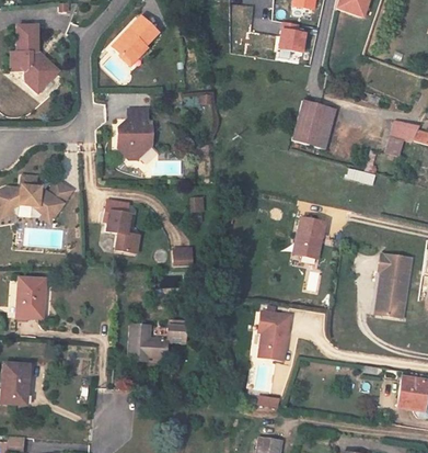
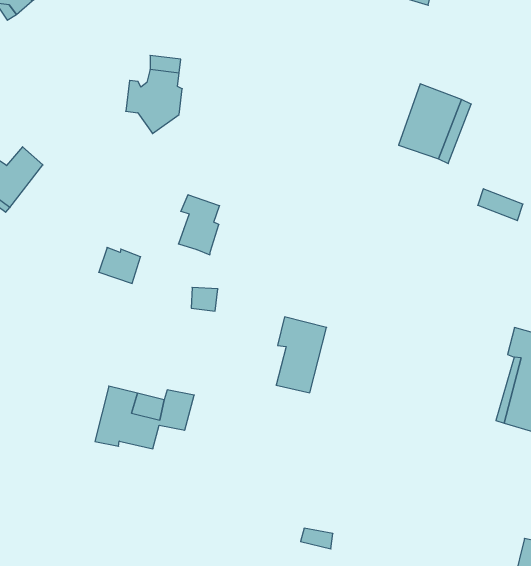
building: [104,199,129,235] -> [178,195,220,255]
building: [294,215,325,256] -> none
building: [262,310,291,356] -> [276,317,327,393]

